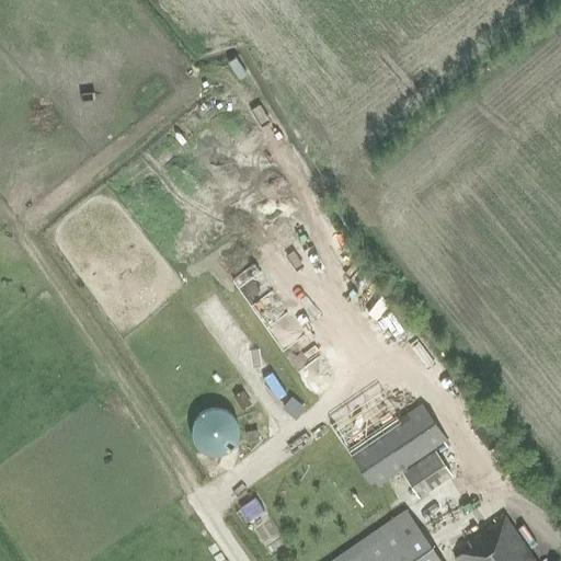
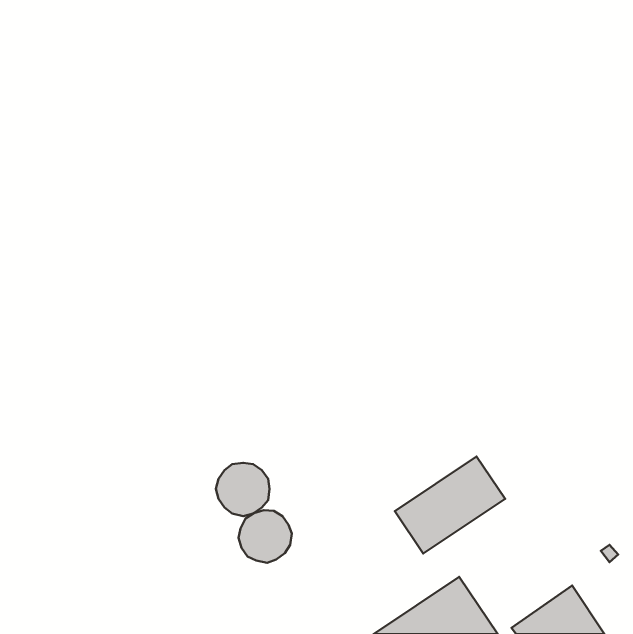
building: [402,450,453,499] -> none
building: none -> [239,510,292,563]

